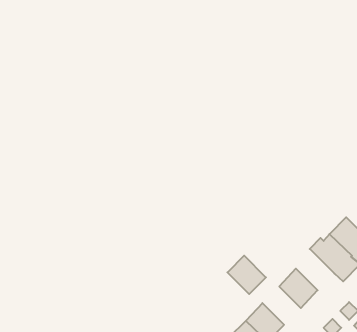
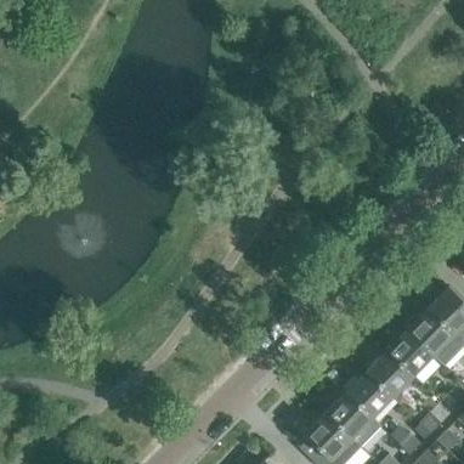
building: none -> [386,329,434,377]
building: [227,256,266,294] -> [345,372,392,419]

